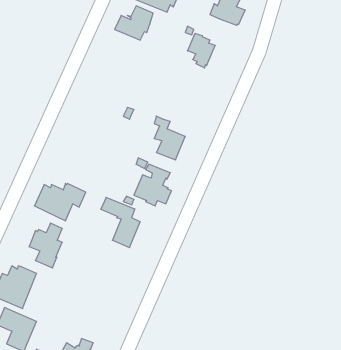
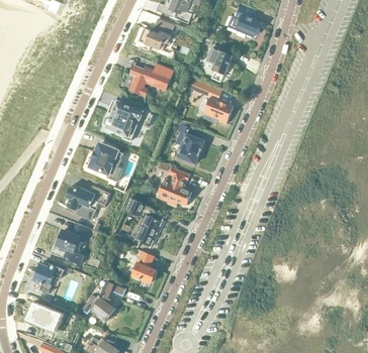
building: none -> [129,57,173,96]
building: none -> [189,79,233,124]
building: none -> [105,101,143,141]
building: none -> [87,140,123,183]
building: none -> [132,251,156,282]
building: none -> [82,281,125,322]

